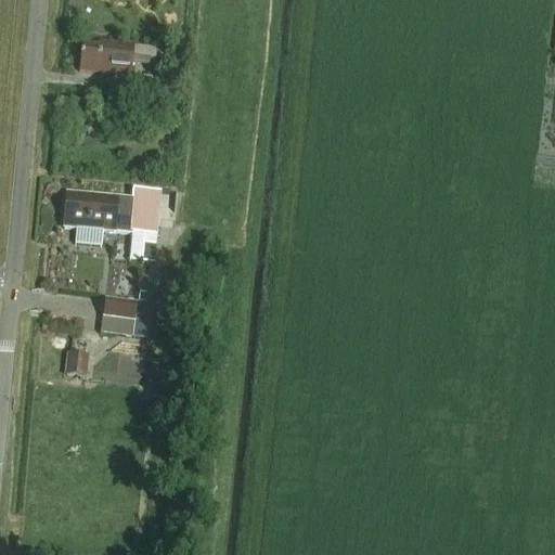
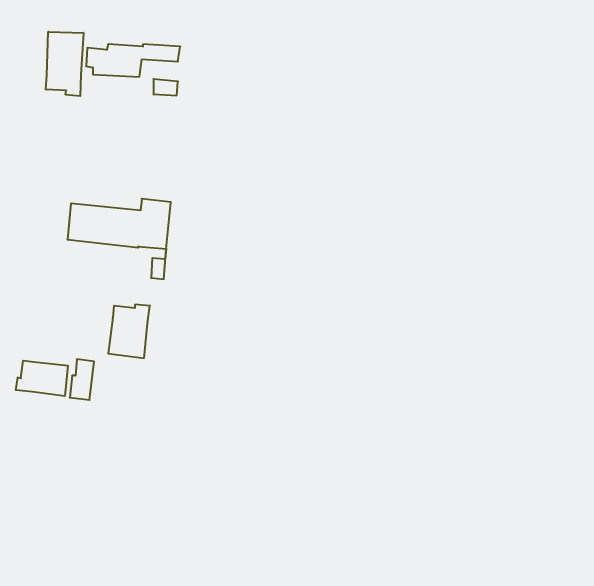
building: none -> [46,32,83,96]
building: none -> [16,361,68,396]

